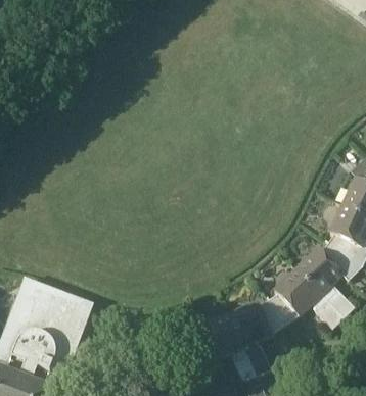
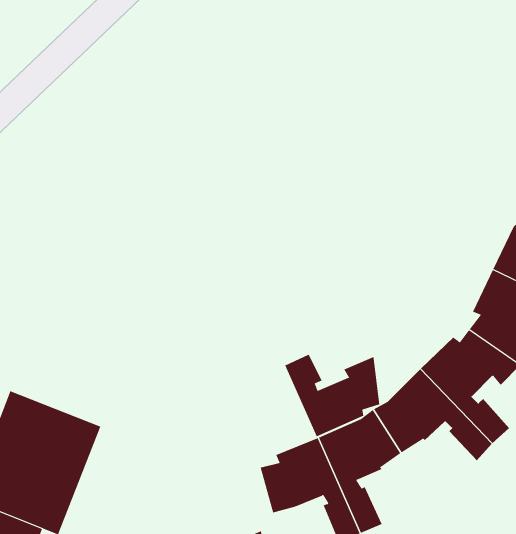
building: none -> [285,354,380,437]

